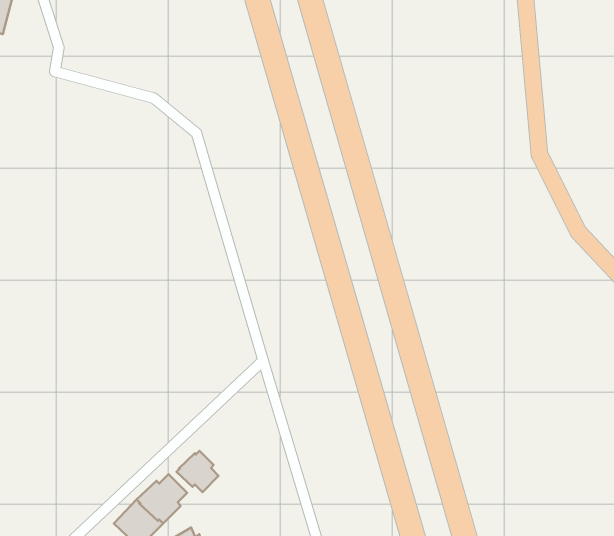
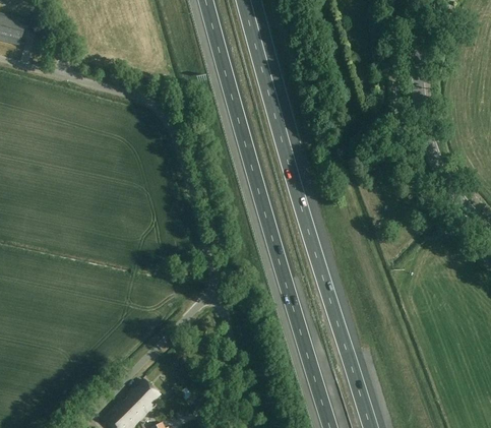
building: [176,451,219,492] -> none

